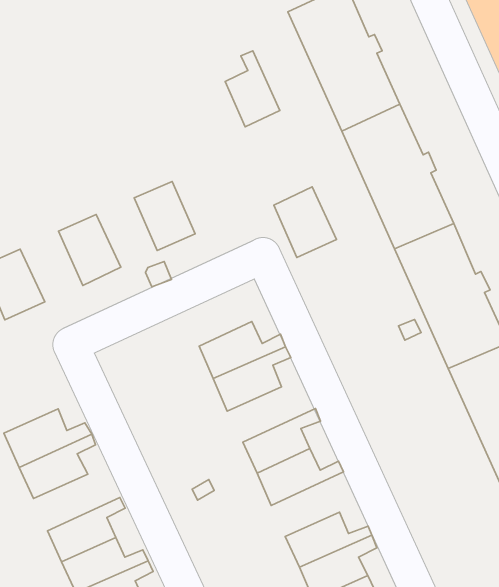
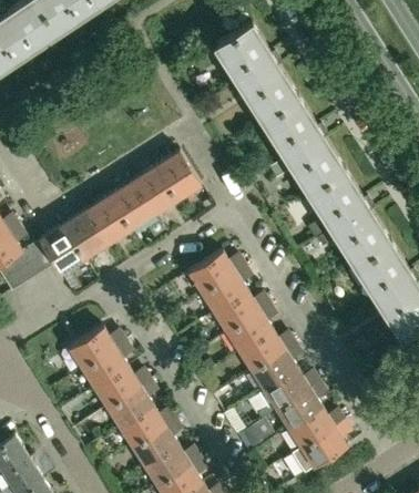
building: [225,51,280,127] -> none
building: [274,187,337,258] -> [155,153,200,201]
building: none -> [109,183,152,229]
building: none -> [62,212,106,259]
building: none -> [213,292,270,332]
building: none -> [251,342,299,390]
building: none -> [94,368,151,409]

